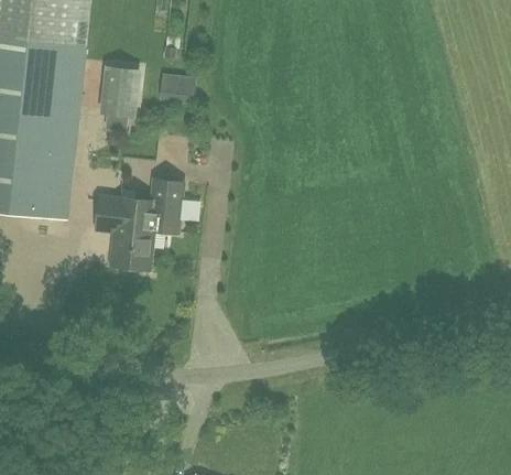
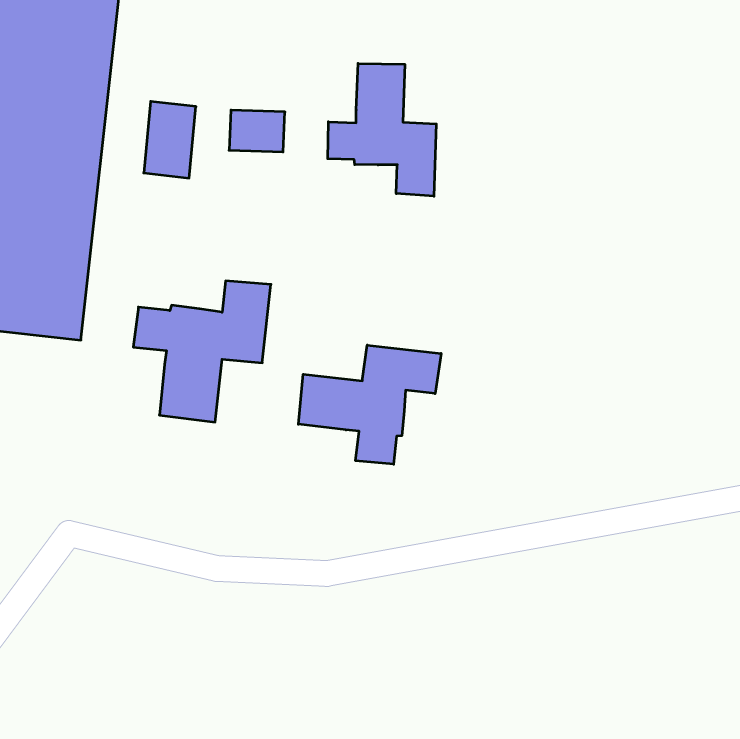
building: none -> [328,63,436,196]
building: none -> [298,345,441,464]

